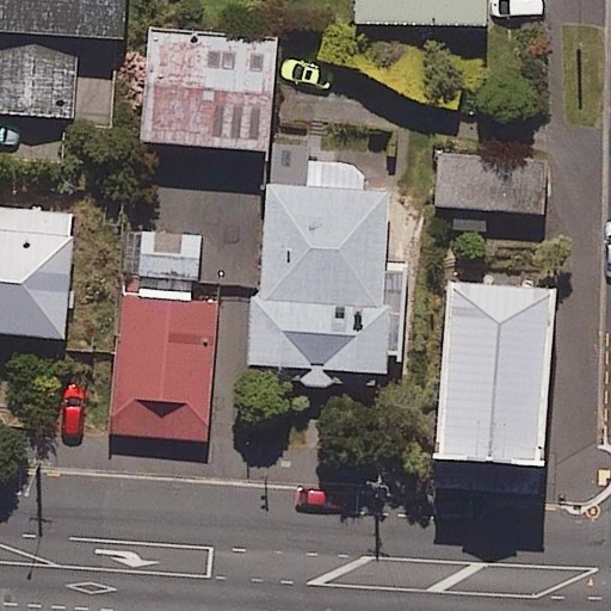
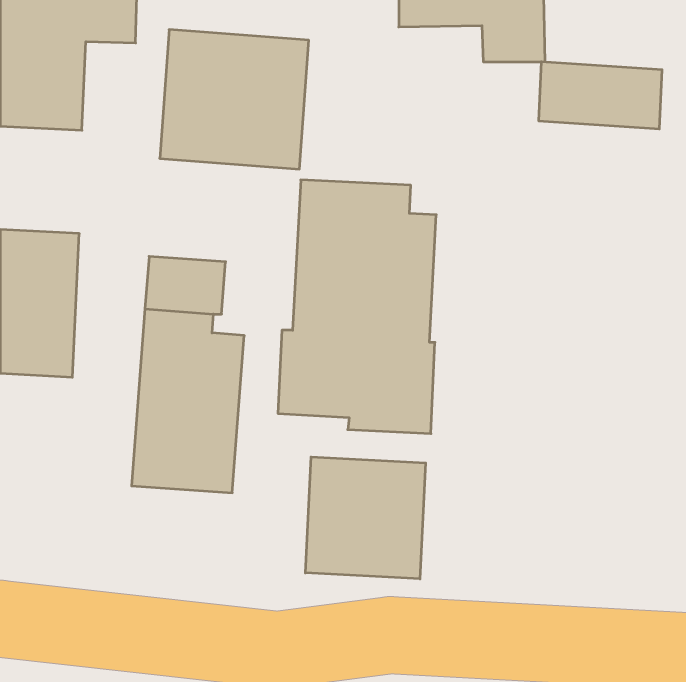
building: [434,153,544,212] -> [539,62,662,129]
building: [433,284,550,463] -> none
building: none -> [305,457,426,579]

